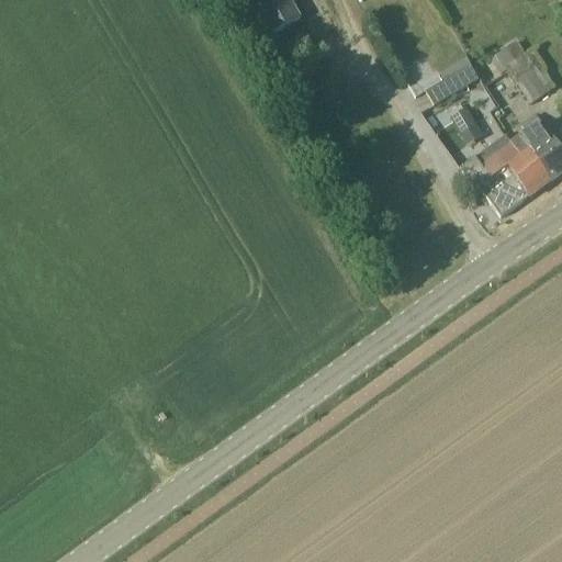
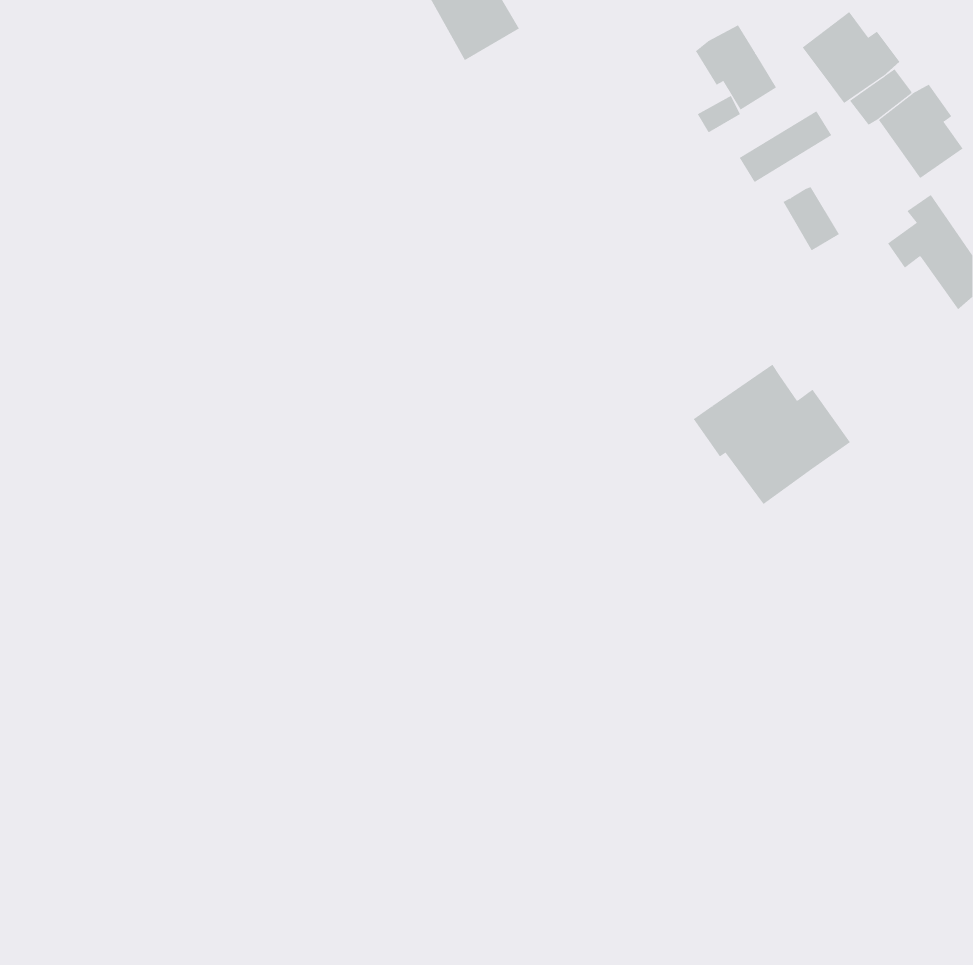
building: none -> [802,11,900,104]
building: none -> [695,24,777,111]
building: [461,134,552,215] -> [693,364,851,505]

